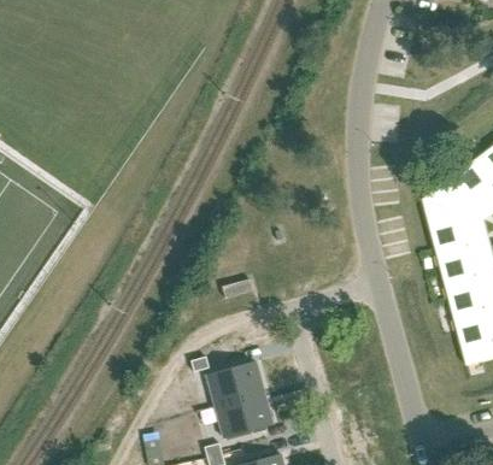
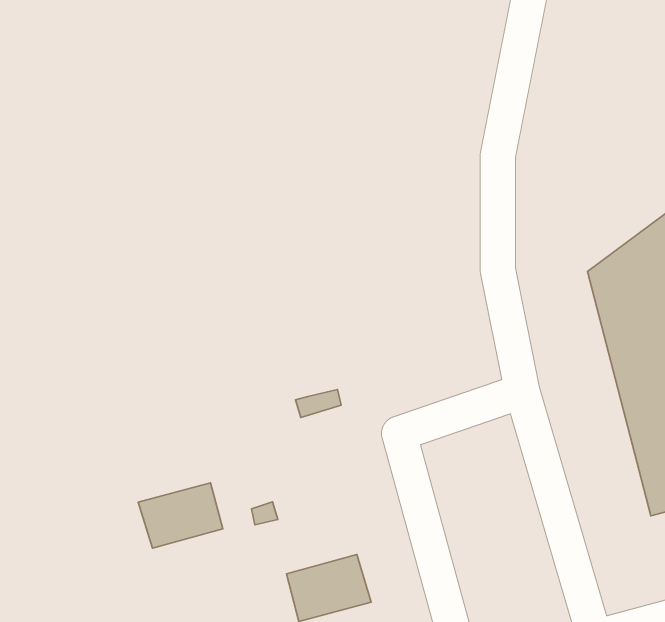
building: [206,361,264,406] -> [138,483,223,548]

